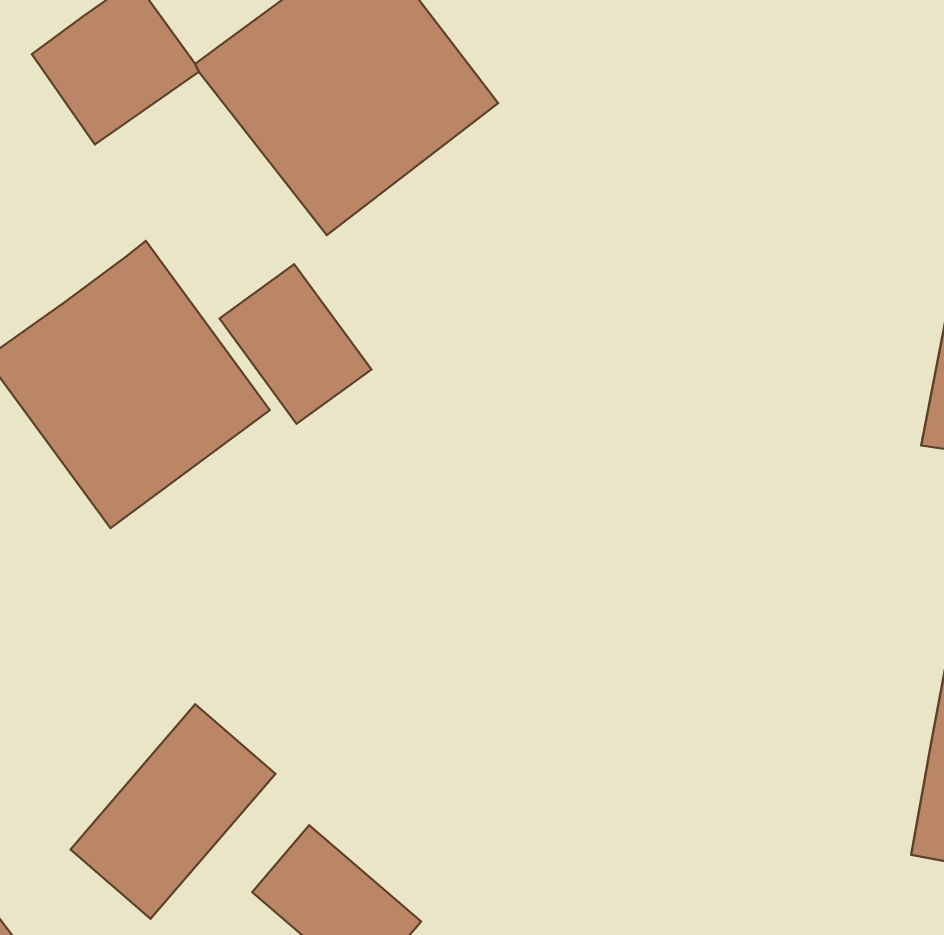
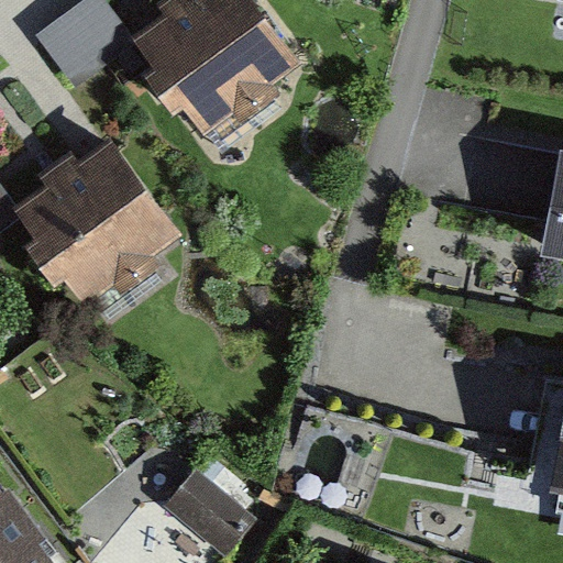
building: [219,264,371,424] -> none
building: [70,704,275,919] -> none

